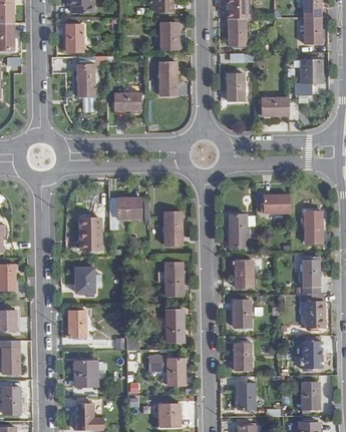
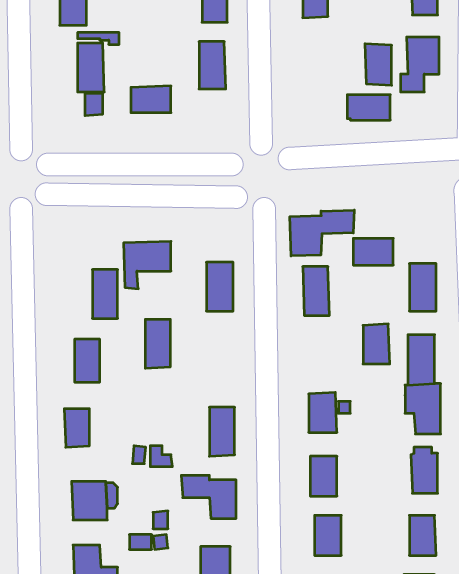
building: [227,73,245,101] -> [365,44,392,85]
building: none -> [290,210,354,256]
building: [236,261,254,288] -> [363,324,390,364]
building: [165,263,183,296] -> [145,319,170,368]

